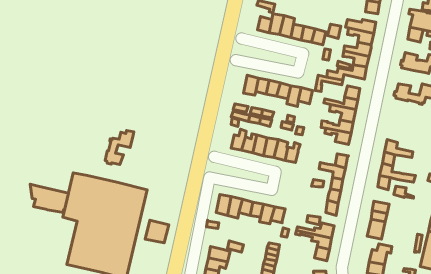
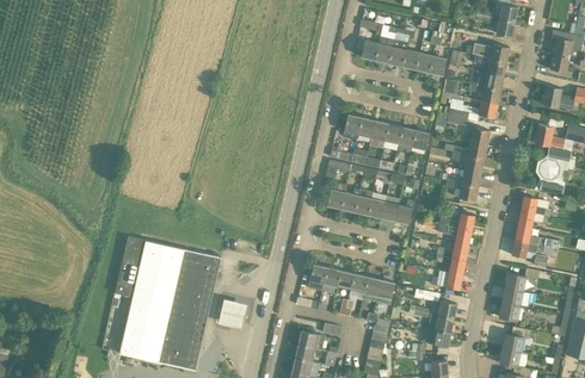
building: none -> [535,144,569,196]
building: [105,131,134,165] -> none
building: [30,184,68,212] -> none

